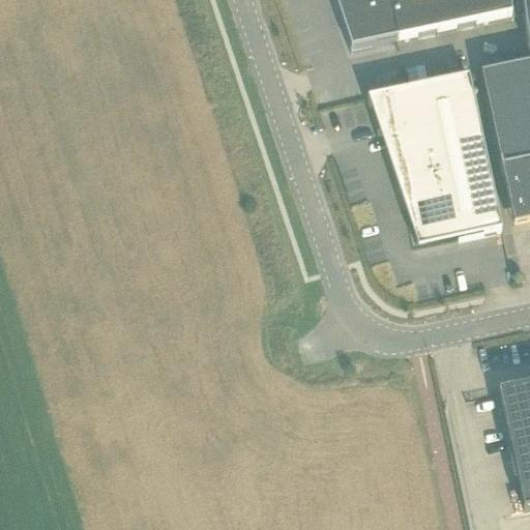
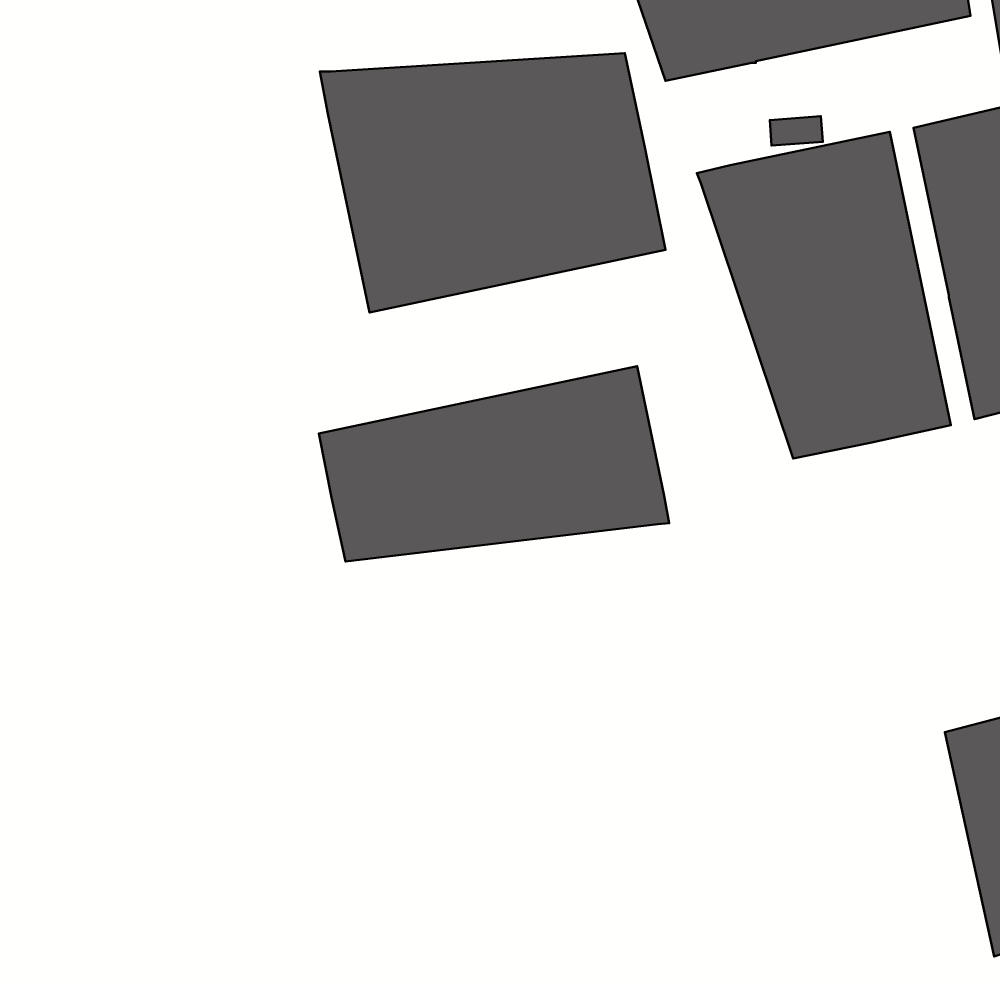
building: none -> [320,53,666,313]
building: none -> [319,366,669,562]

